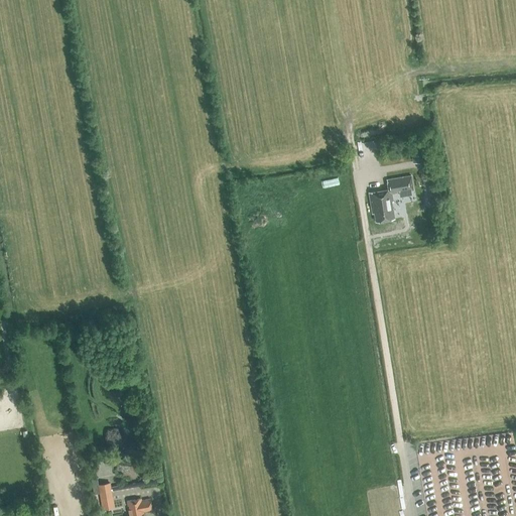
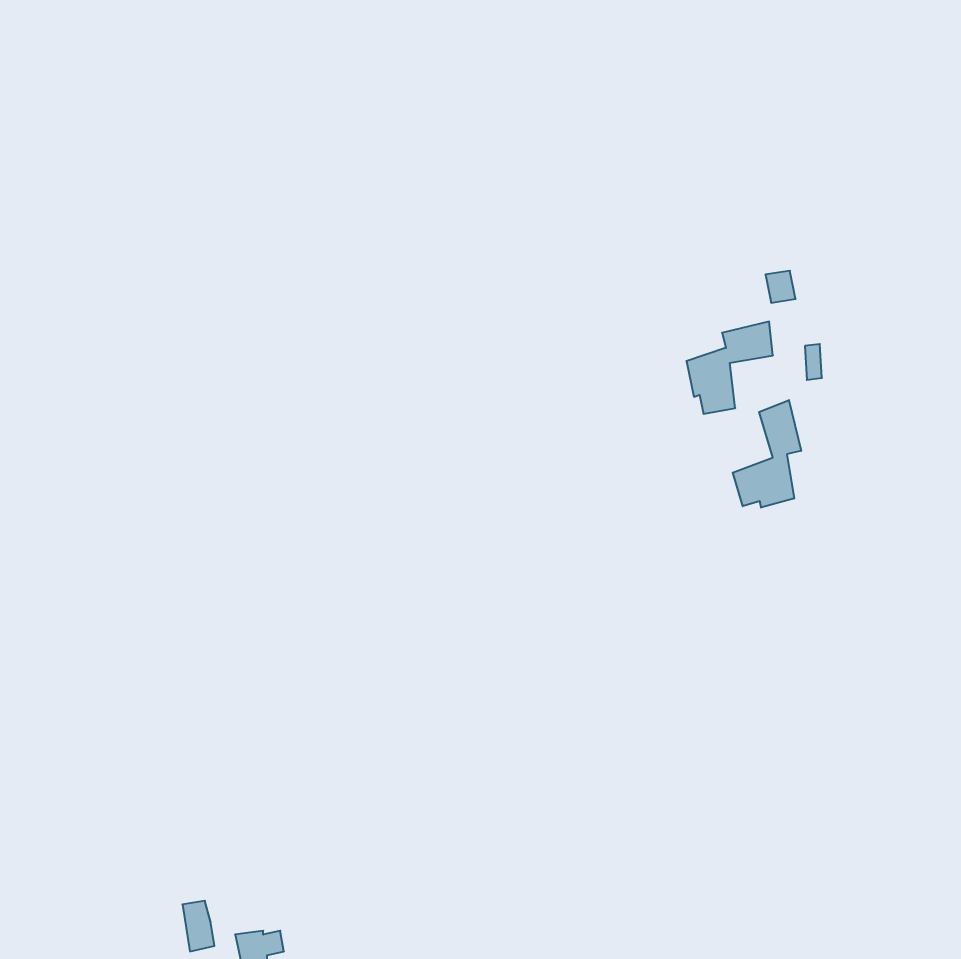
building: none -> [733,400,801,508]

